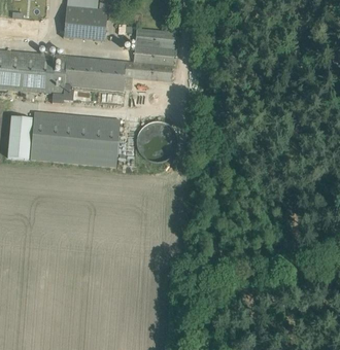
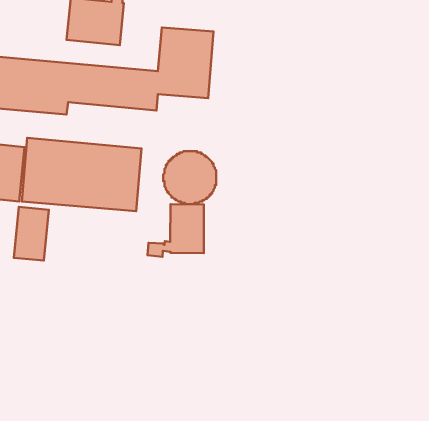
building: none -> [147,204,204,257]
building: none -> [14,207,49,261]

